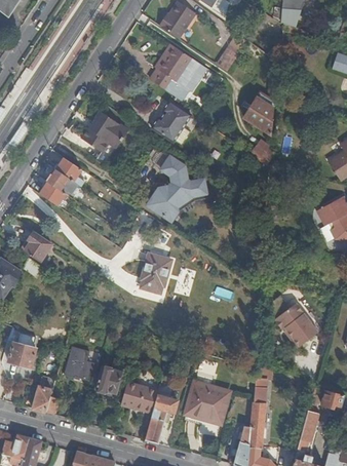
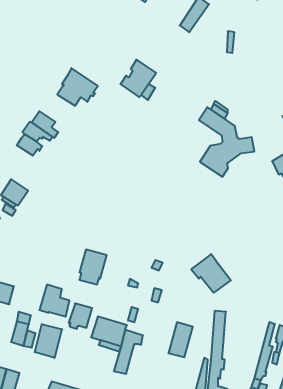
building: [150,43,195,90] -> none
building: [243,92,274,134] -> none
building: [146,146,206,222] -> [199,107,254,177]
building: [141,255,170,293] -> [79,250,107,284]
building: [275,302,318,344] -> [191,254,231,293]
building: [185,381,214,421] -> none
building: none -> [35,324,62,358]

